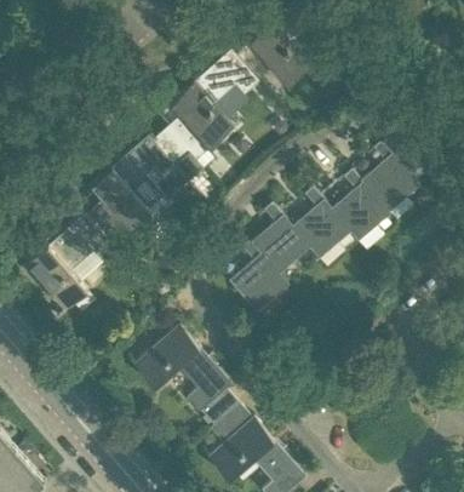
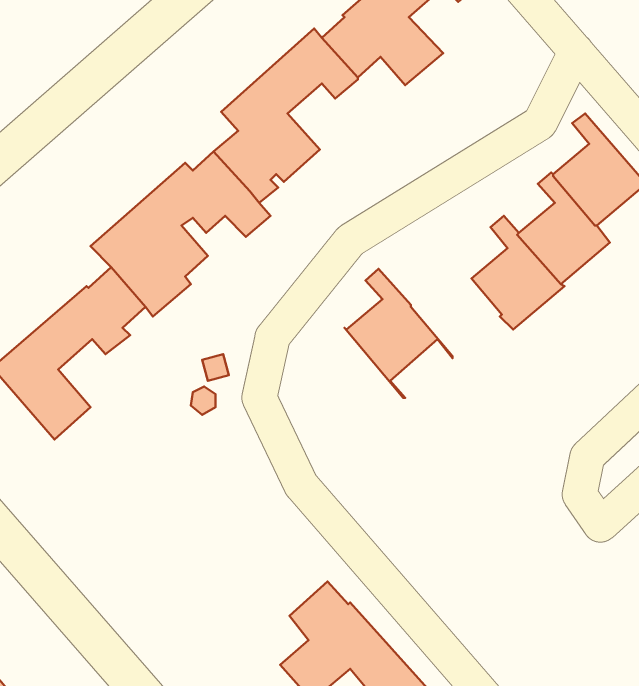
building: [292,188,350,259] -> none
building: [228,241,287,314] -> none
building: [133,325,239,425] -> none

